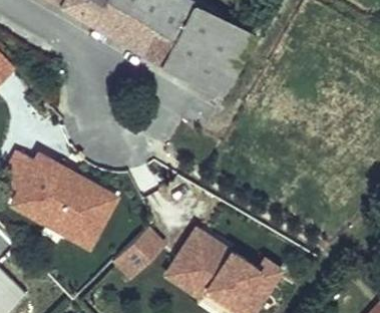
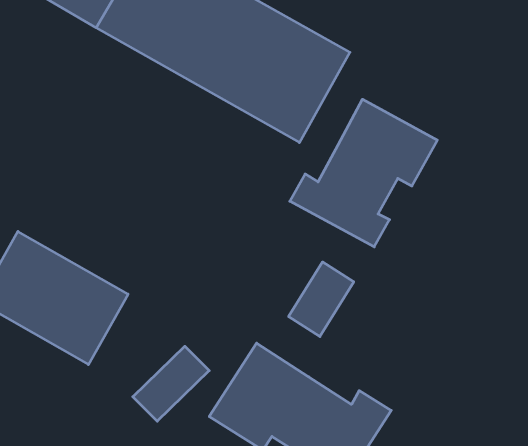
building: none -> [290,99,437,247]
building: none -> [289,262,354,337]

